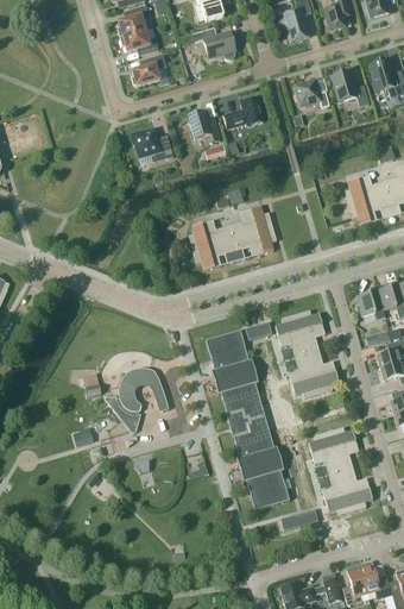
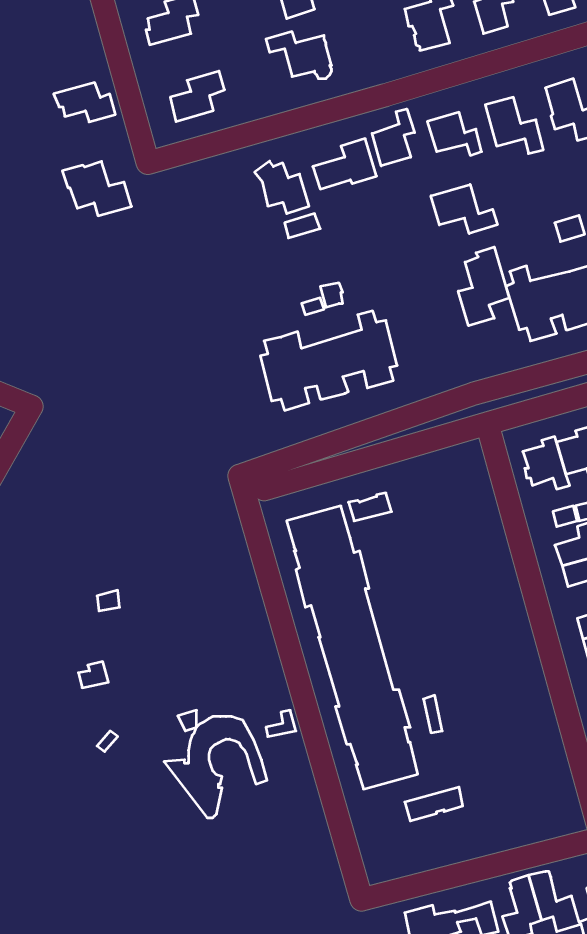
building: [119,30,158,55] -> [54,83,115,122]
building: none -> [372,109,415,166]
building: none -> [431,184,497,234]
building: [130,127,173,162] -> [62,161,132,216]
building: none -> [458,247,509,326]
building: [274,309,339,397] -> none
building: [103,368,169,432] -> [164,717,267,818]
building: [308,427,372,514] -> none

